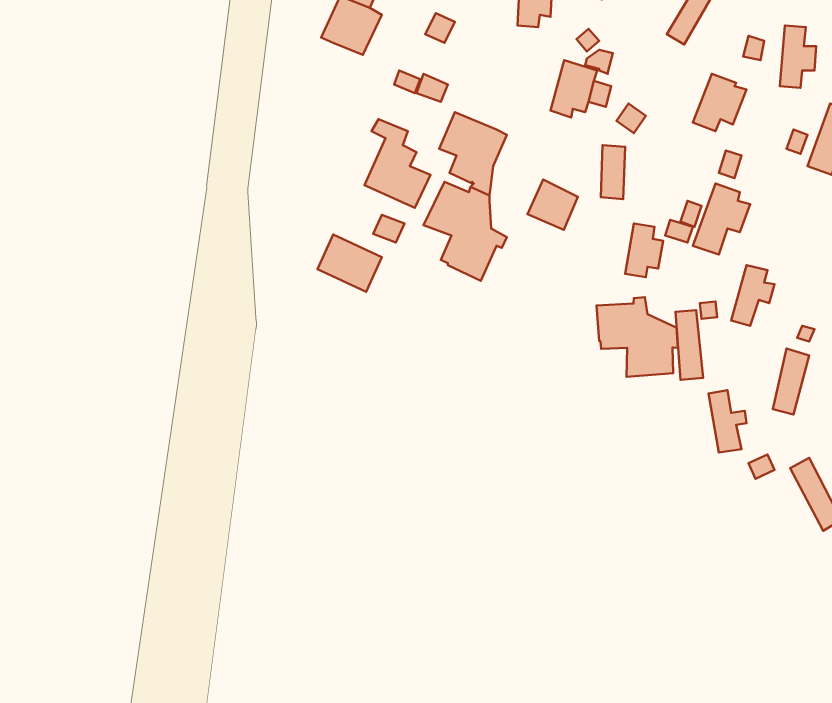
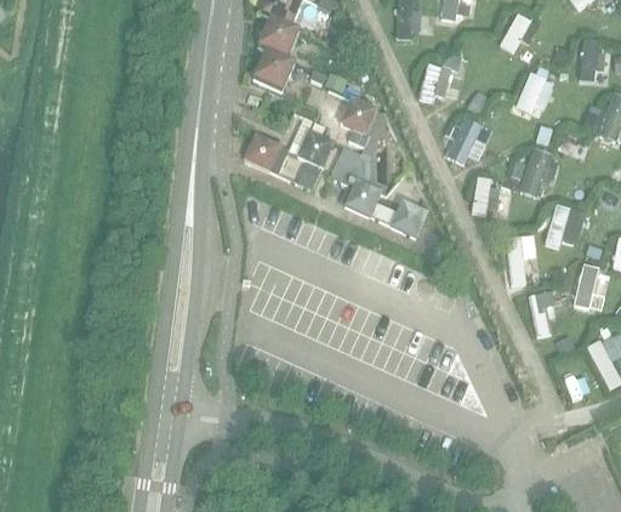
building: none -> [255,50,296,91]
building: [527,180,578,230] -> [392,201,427,237]
building: [318,235,382,292] -> [245,136,290,176]
building: [596,297,678,377] -> none

